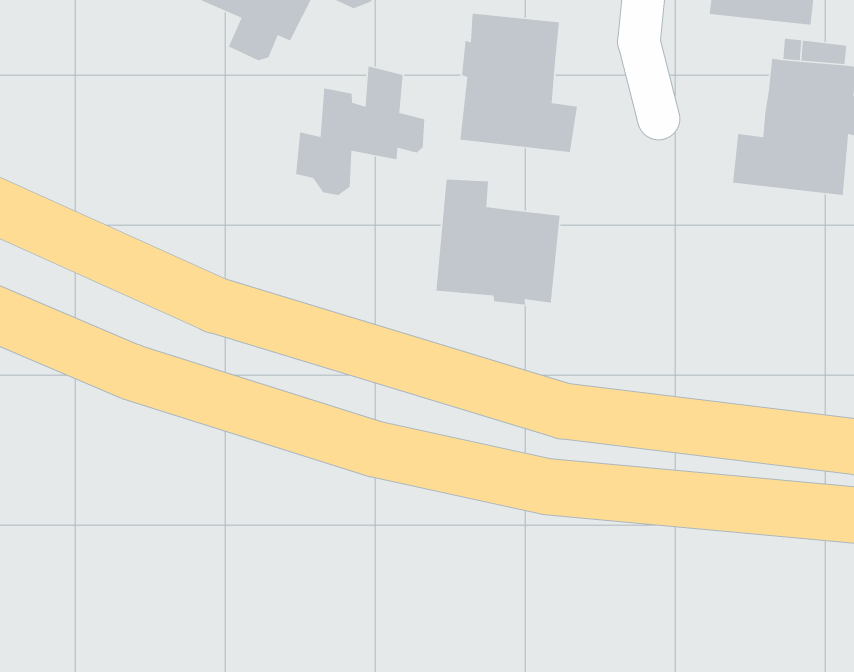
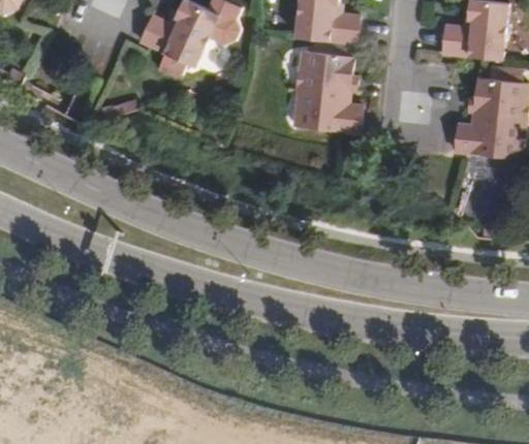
building: [295,65,425,196] -> none
building: [435,179,561,305] -> none

